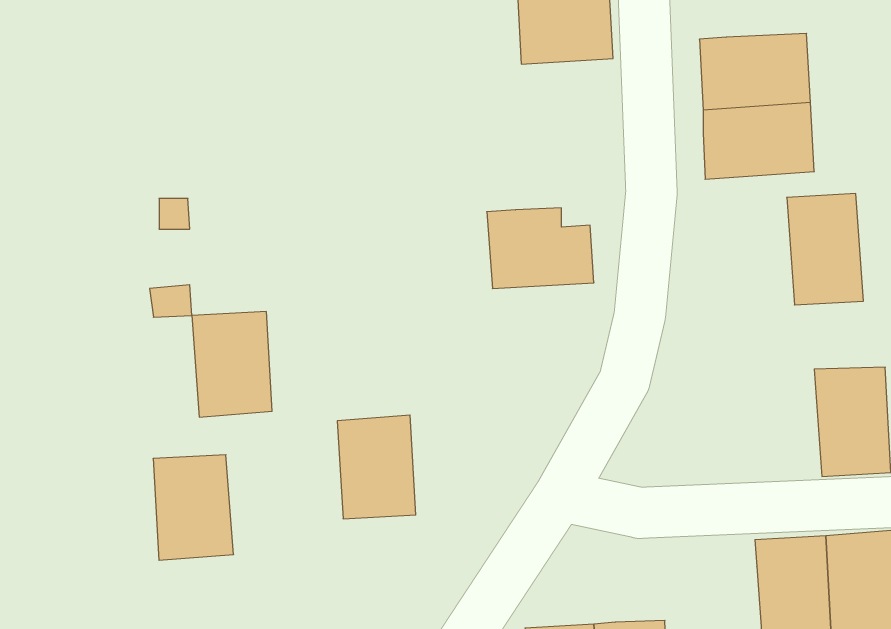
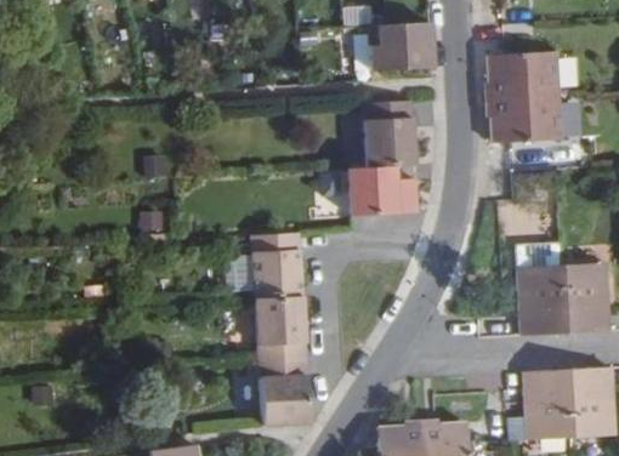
building: none -> [367,97,416,164]
building: [787,194,863,305] -> [516,264,564,335]
building: [192,312,272,417] -> [252,230,303,297]
building: [153,455,234,560] -> [261,357,312,423]

